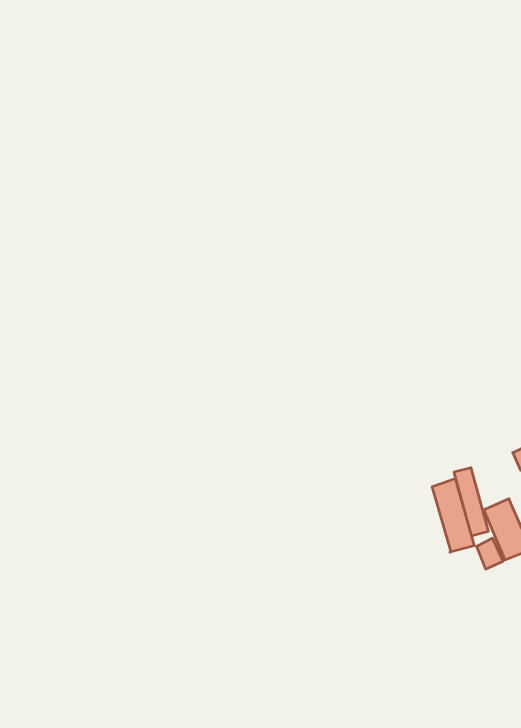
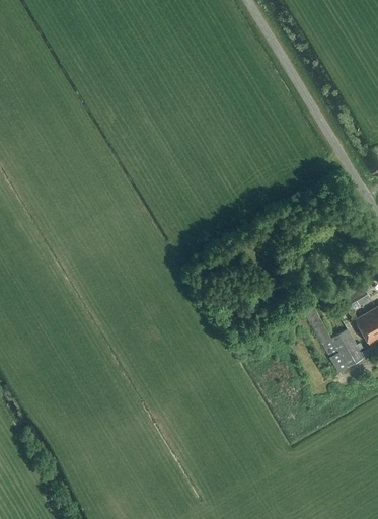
building: [432,478,474,552] -> none

